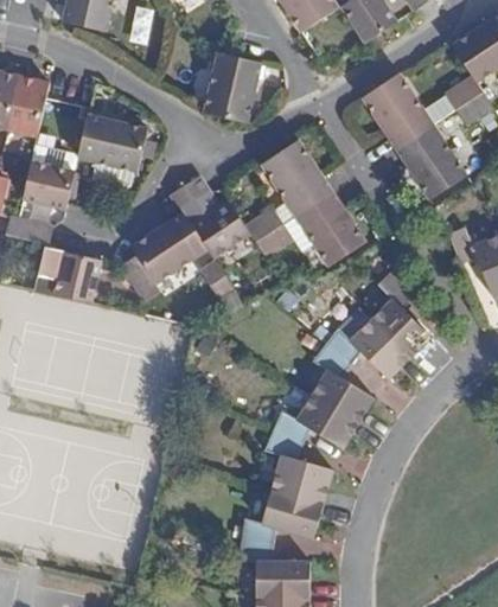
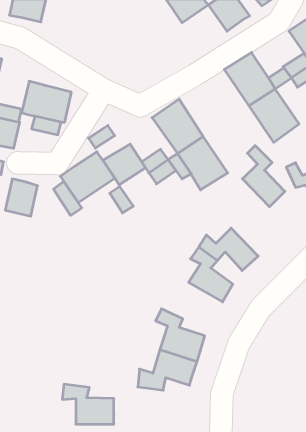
building: [203,51,258,122] -> none
building: [370,273,429,358] -> [242,146,285,207]
building: [273,395,358,451] -> none
building: [237,541,309,596] -> [62,384,114,424]

